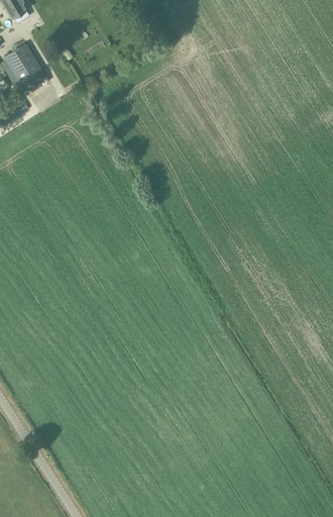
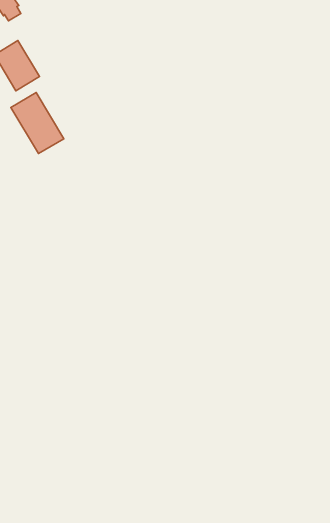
building: none -> [11,93,64,154]

